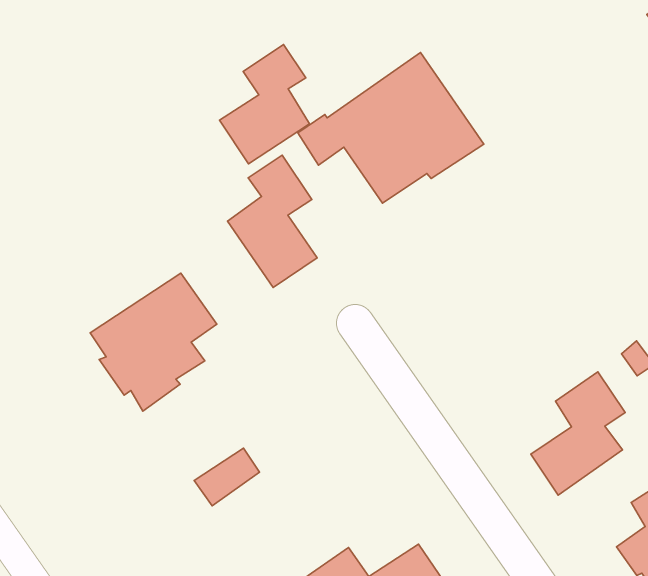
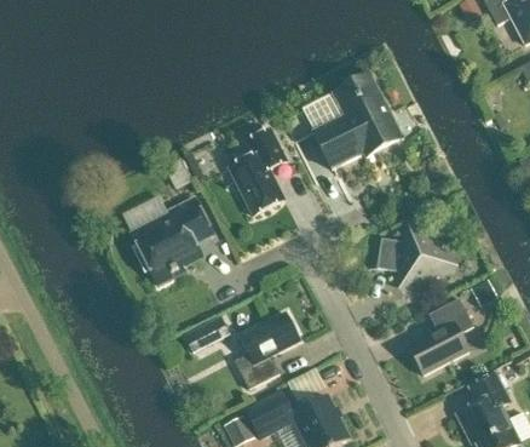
building: [219,44,310,164] -> none
building: none -> [368,228,450,291]
building: none -> [235,311,300,389]

